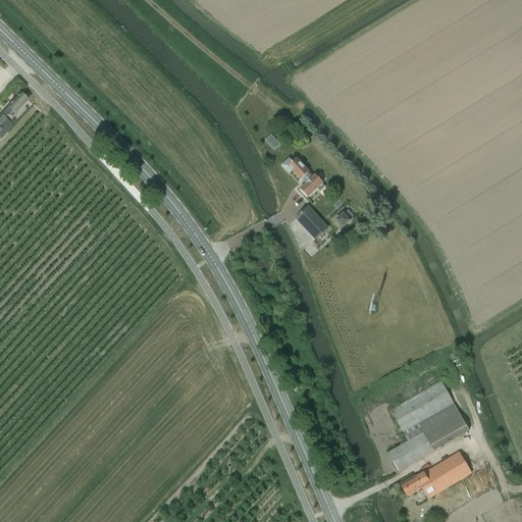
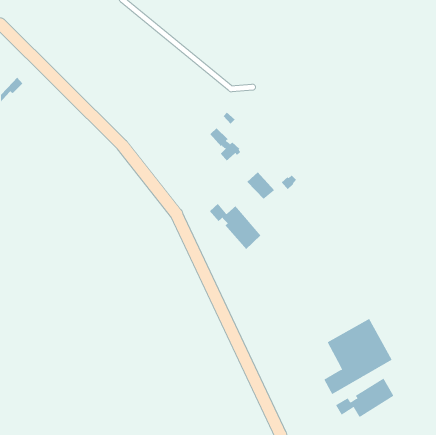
building: [288,156,325,197] -> [210,127,241,161]
building: none -> [209,203,261,250]

